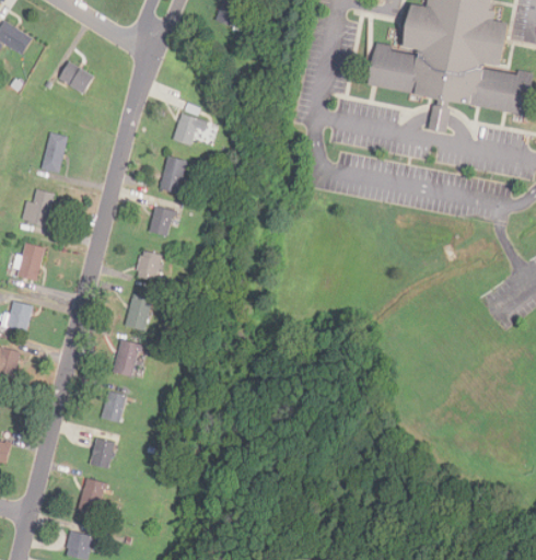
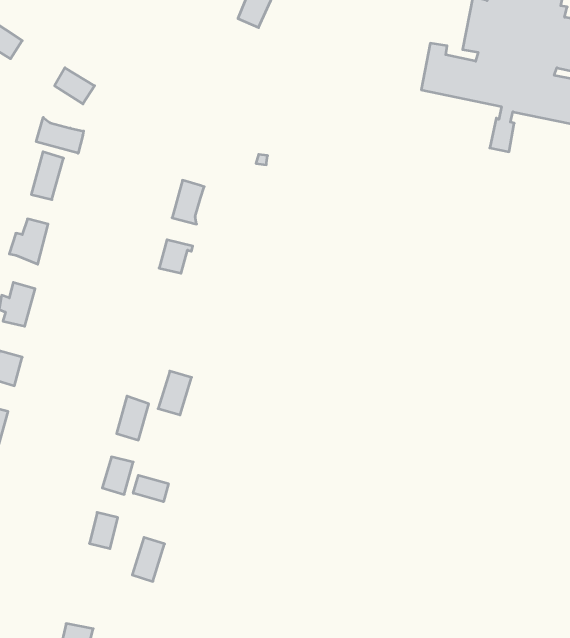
building: none -> [36,117,84,153]
building: [173,114,199,145] -> none
building: [137,250,162,281] -> none
building: [125,293,153,330] -> [158,371,192,415]
building: none -> [133,475,168,502]
building: [78,478,105,515] -> [132,537,165,581]

